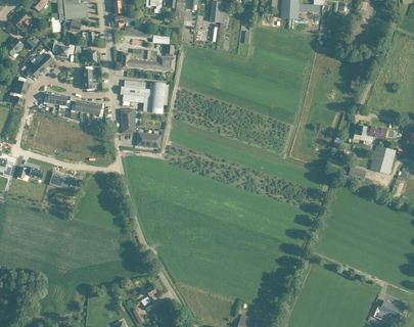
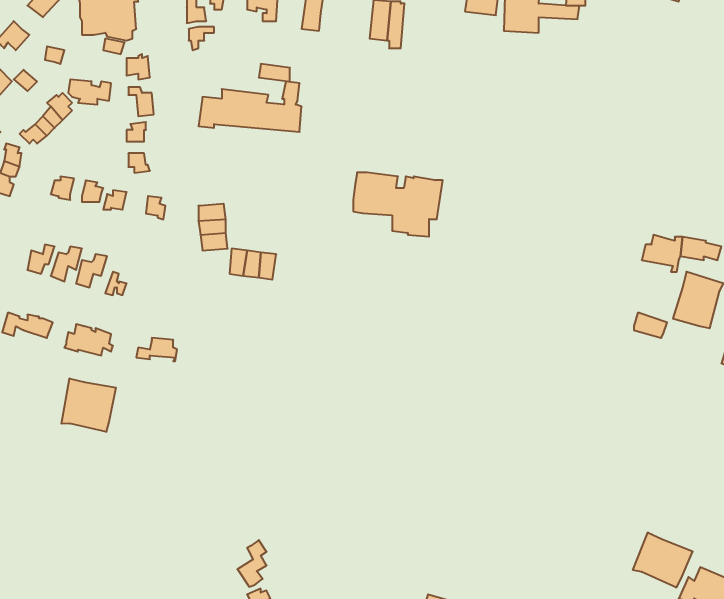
building: [123,80,170,113] -> [353,172,443,237]
building: none -> [61,378,116,432]
building: none -> [633,532,693,588]

